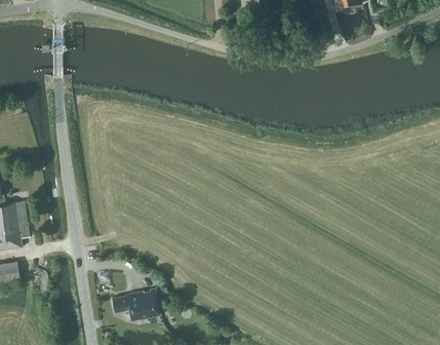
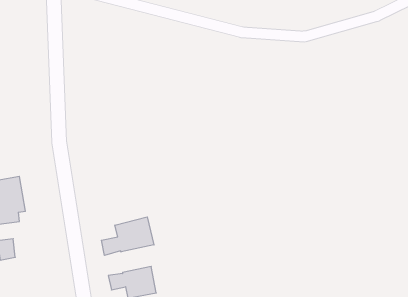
building: none -> [101,217,154,255]

